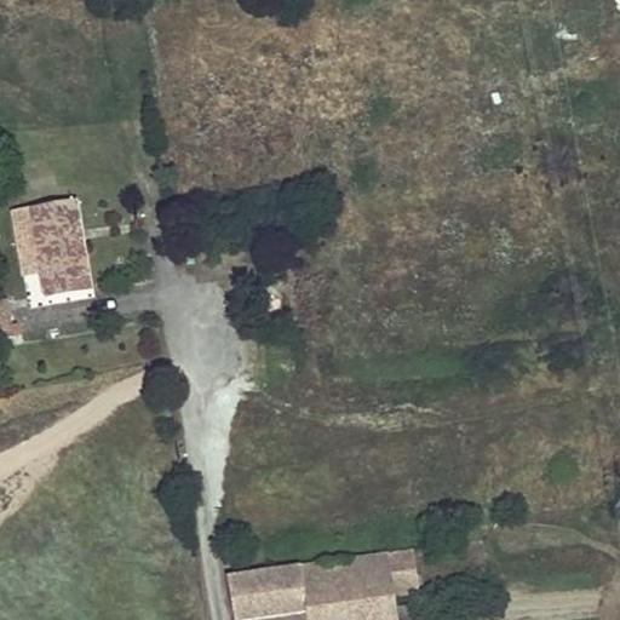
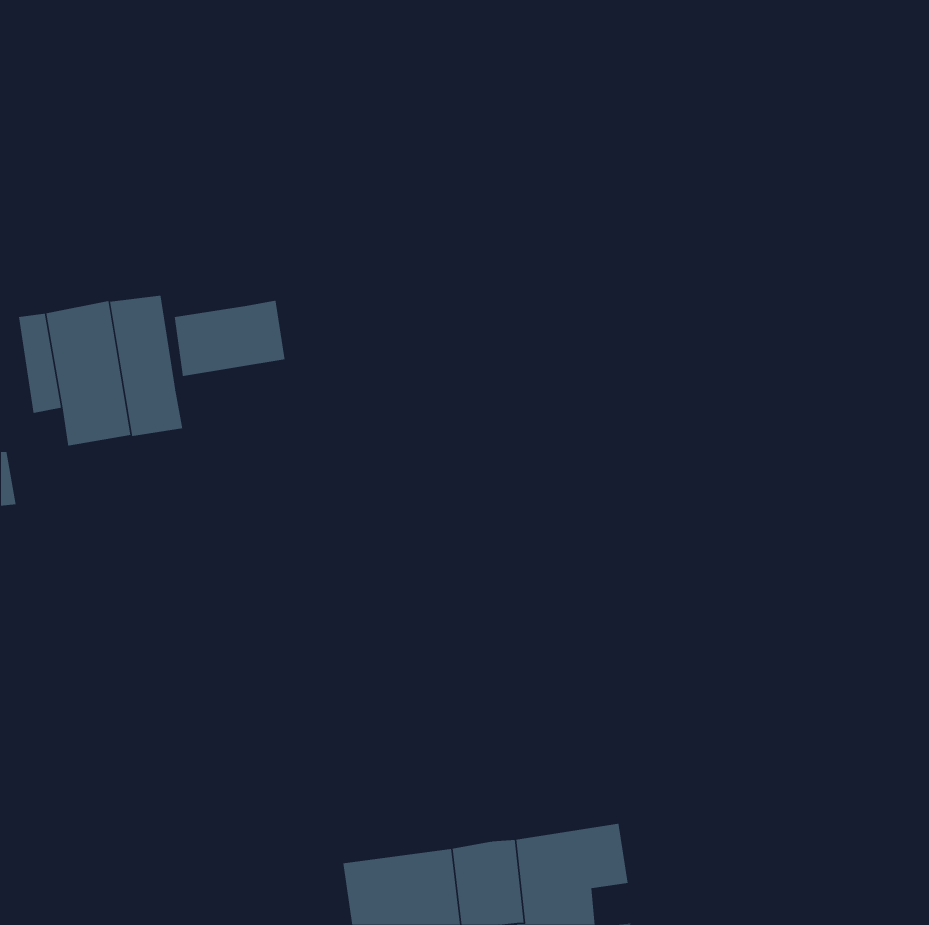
building: none -> [109,295,183,437]
building: none -> [174,300,285,377]

